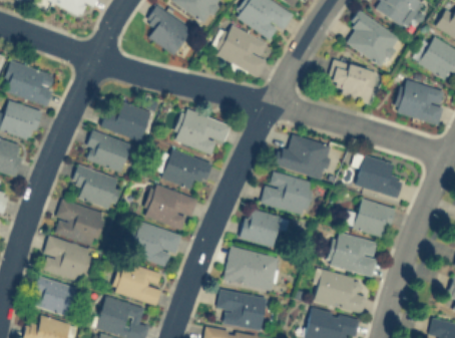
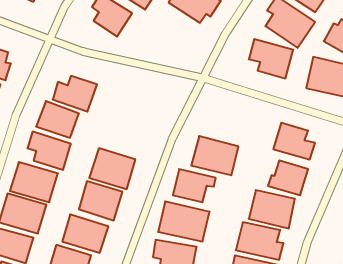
building: [216,25,274,77] -> none
building: [171,107,231,154] -> none
building: [274,135,333,180] -> none
building: [156,146,213,190] -> none

